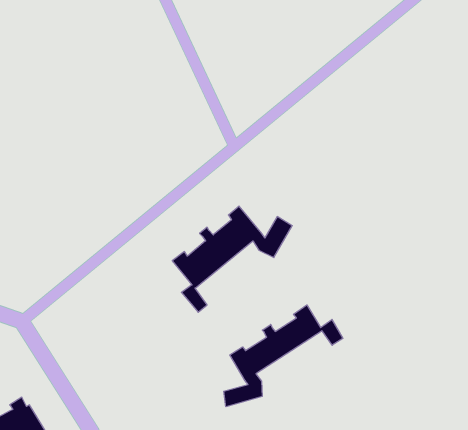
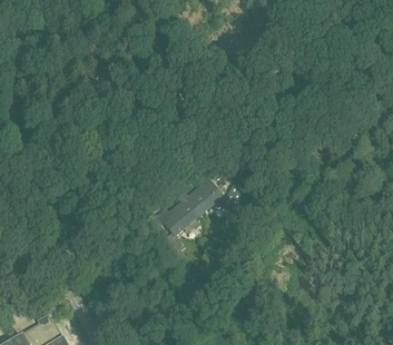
building: [224,305,343,407] -> none

